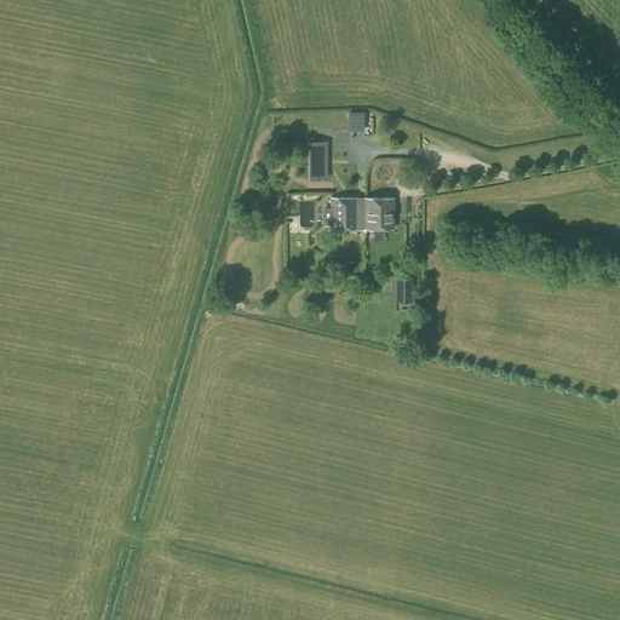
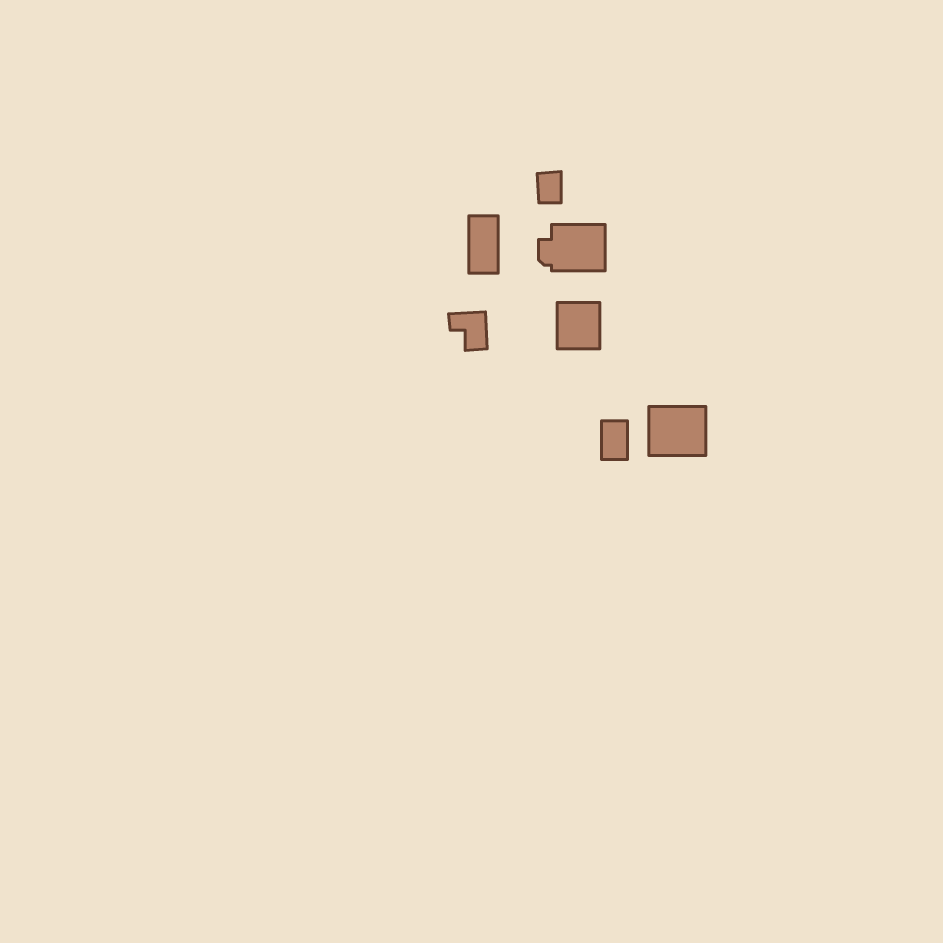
building: [322,199,366,229] -> [539,225,605,271]
building: none -> [649,407,706,456]

